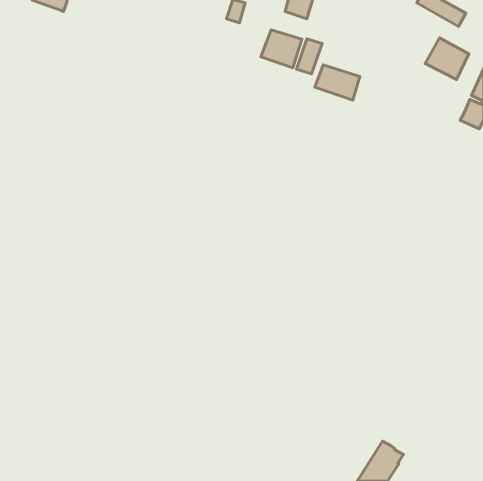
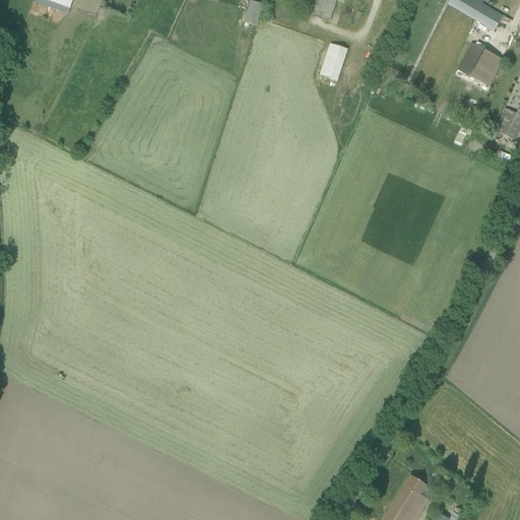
building: [261,30,302,68] -> none
building: [315,65,360,100] -> none

